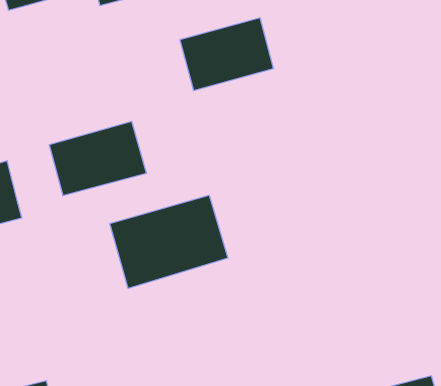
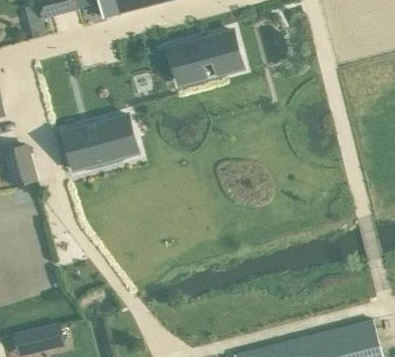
building: [110,195,228,288] -> none

